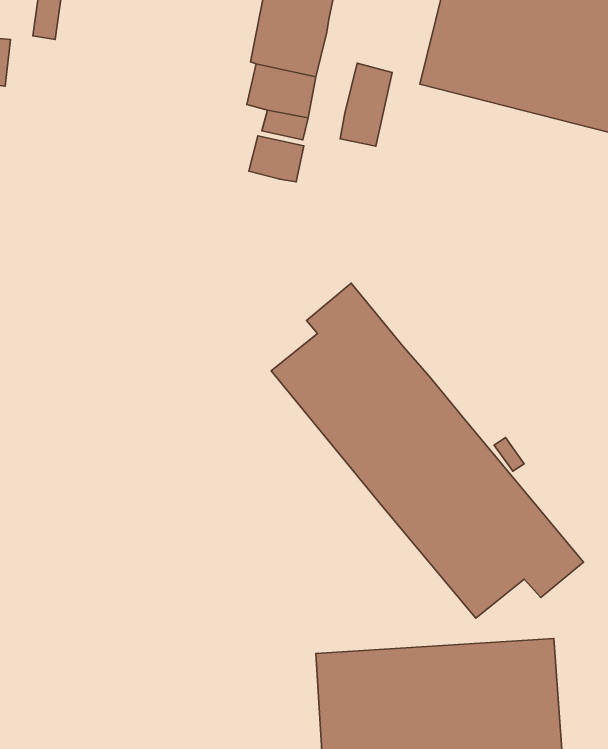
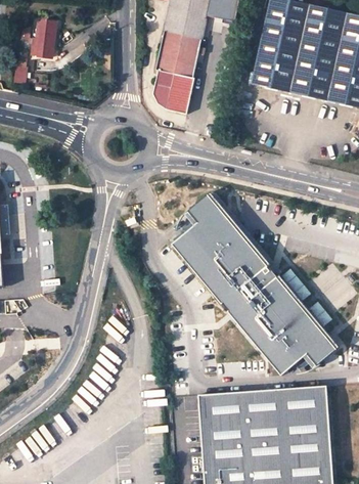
building: [340,63,392,146] -> none
building: [249,136,304,182] -> none

